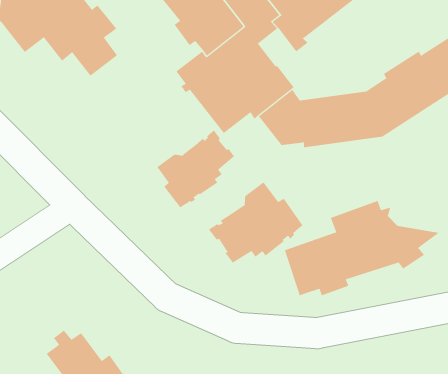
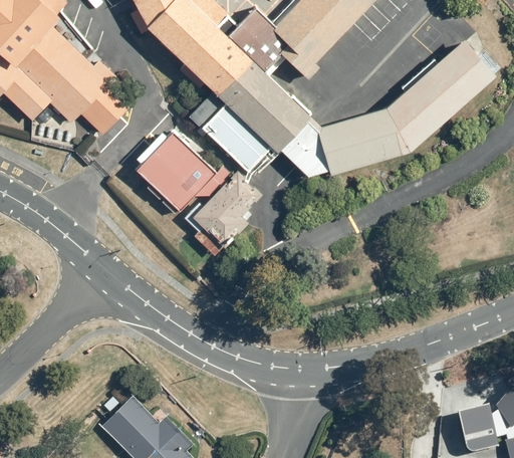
building: none -> [137,129,232,214]
building: [208,182,303,263] -> none
building: [284,200,440,296] -> none

